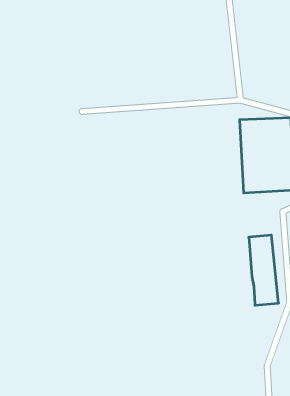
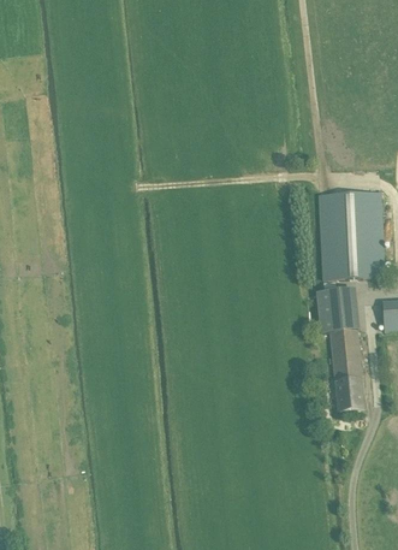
building: none -> [315,286,358,330]

